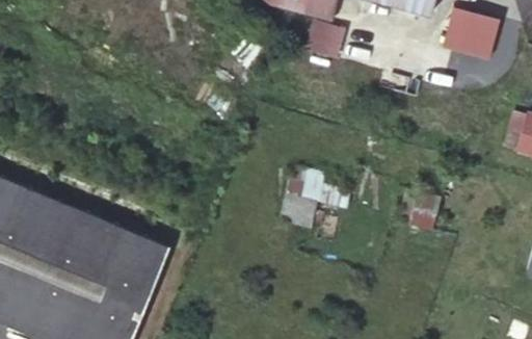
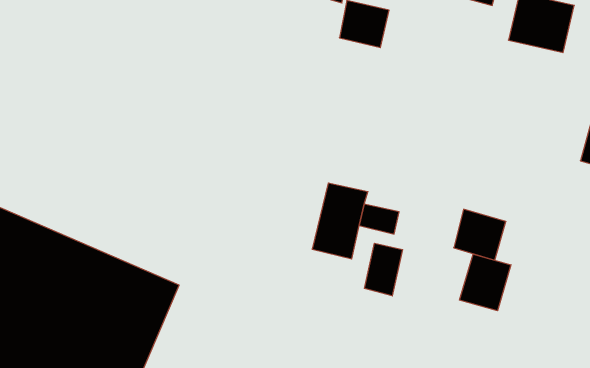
building: none -> [365,243,403,296]
building: none -> [460,254,511,311]

